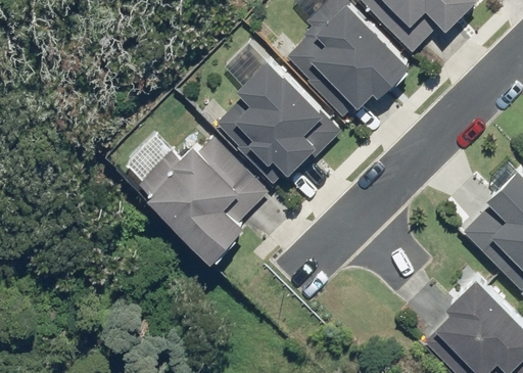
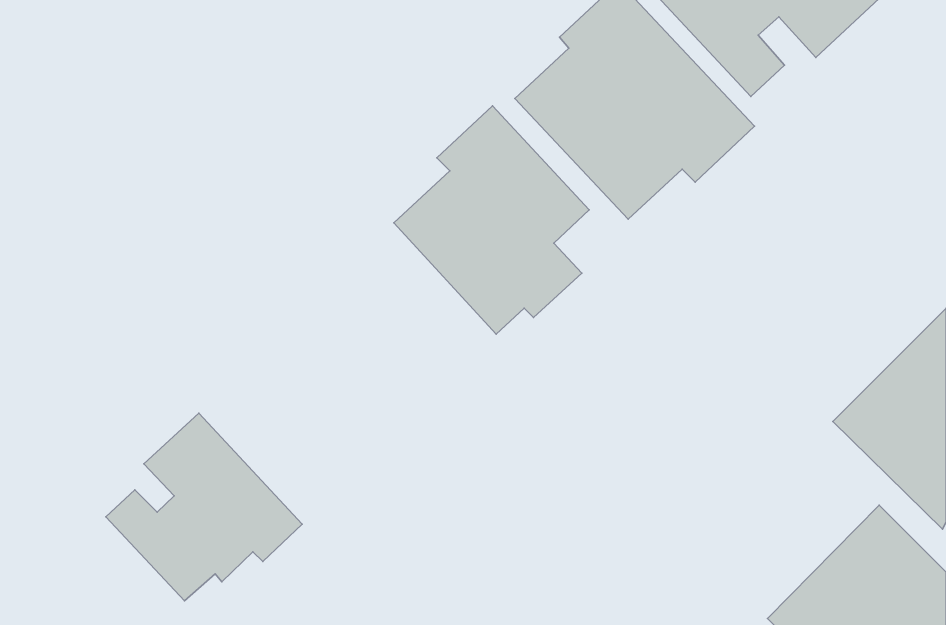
building: [141,123,272,261] -> none
building: none -> [106,413,302,601]

